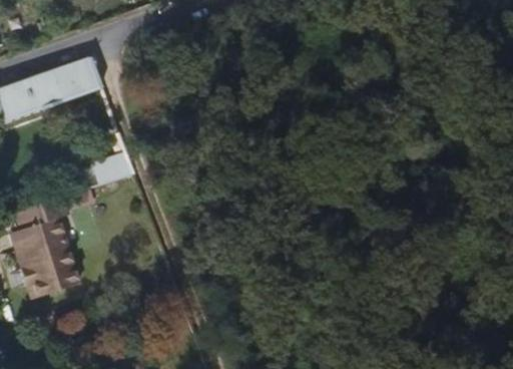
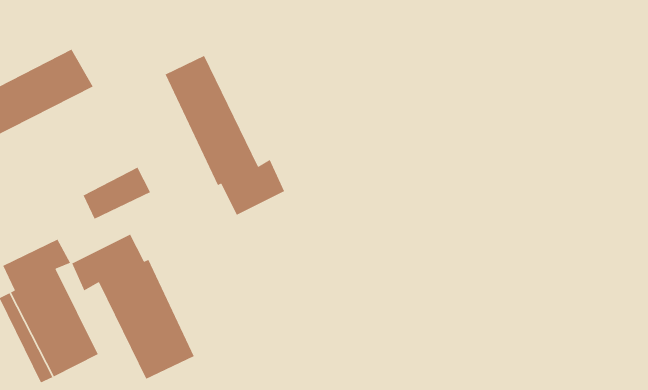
building: none -> [164,55,285,216]
building: none -> [71,233,195,380]

